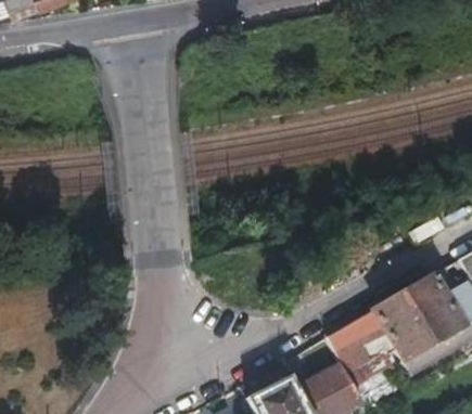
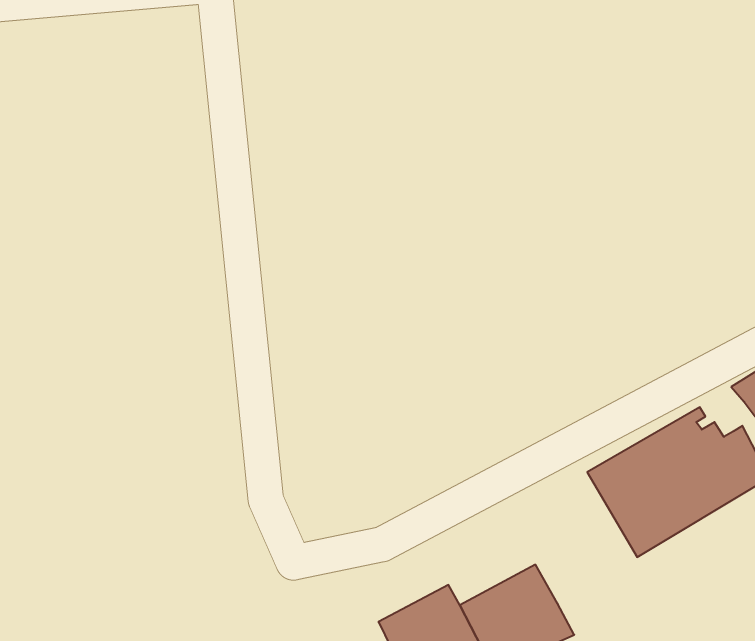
building: [322,324,387,387] -> none

